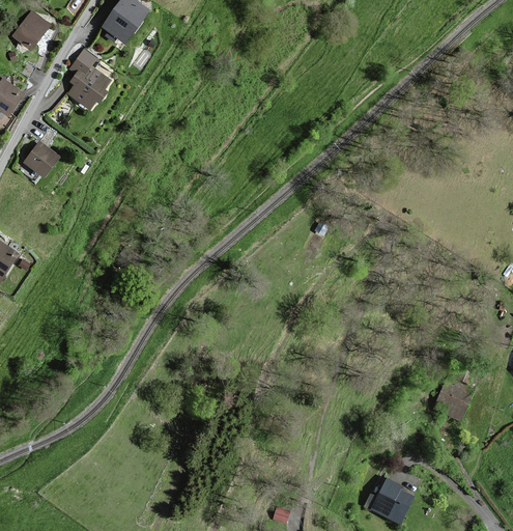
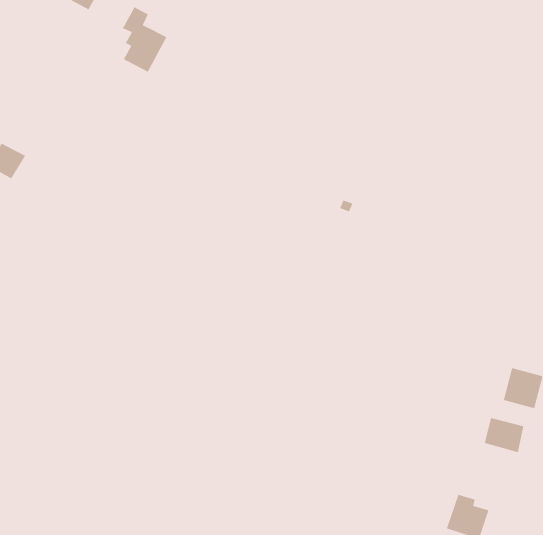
building: [69,50,109,107] -> [122,6,167,73]
building: none -> [484,417,524,453]

